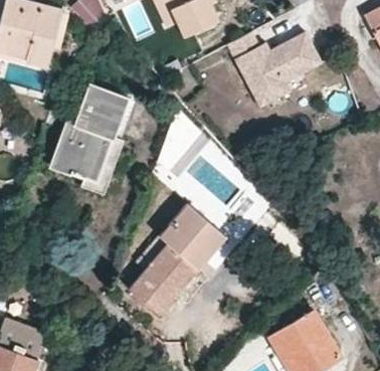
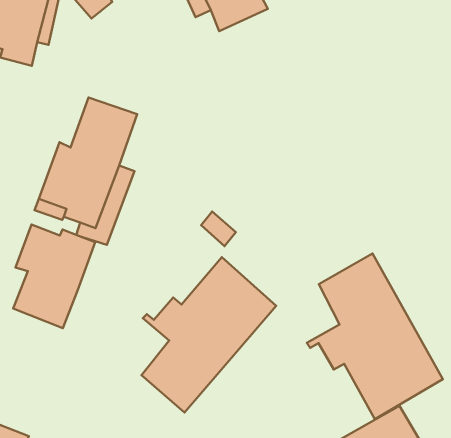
building: [226,33,321,109] -> none
building: none -> [13,225,95,328]
building: none -> [307,254,443,419]

